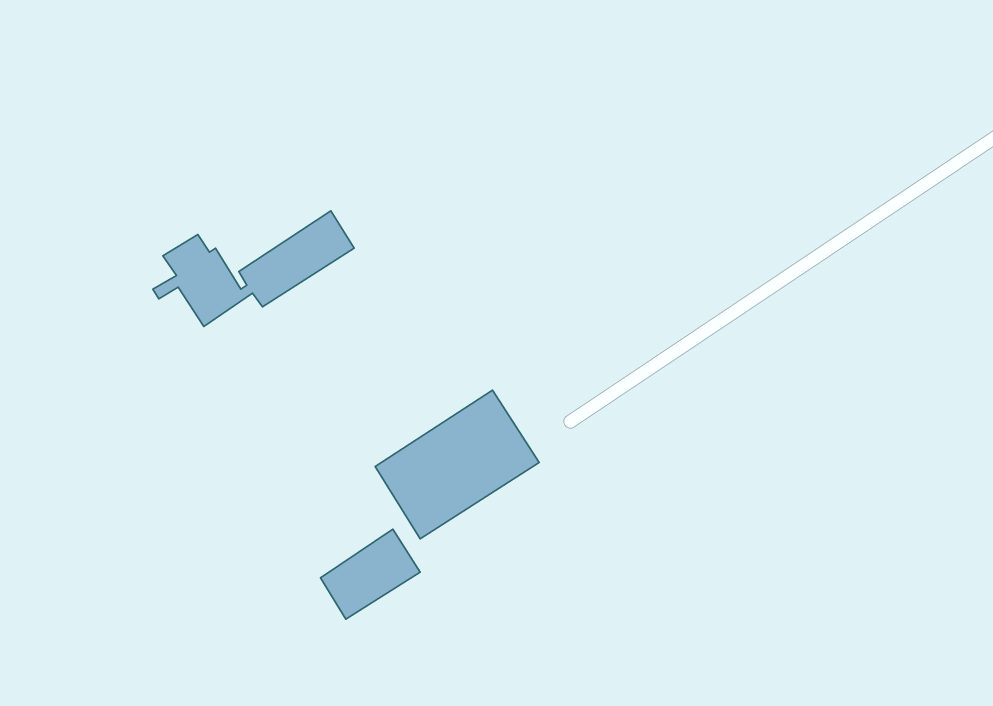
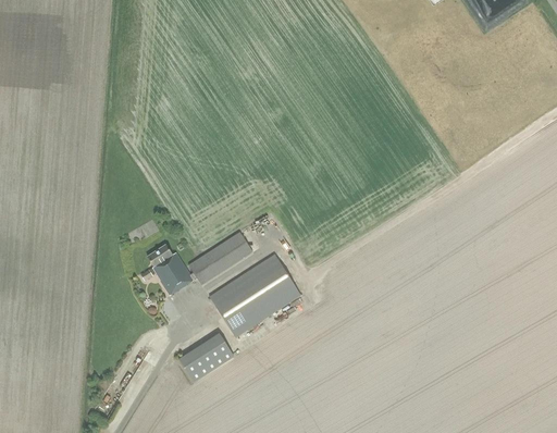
building: [153,211,354,326] -> [141,230,253,294]

